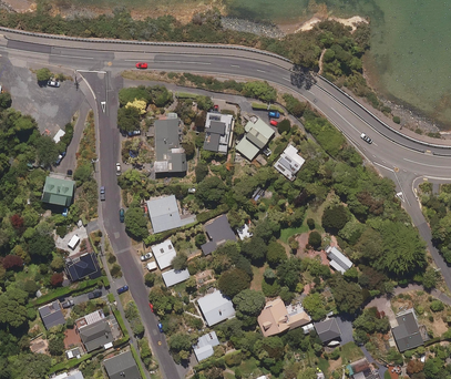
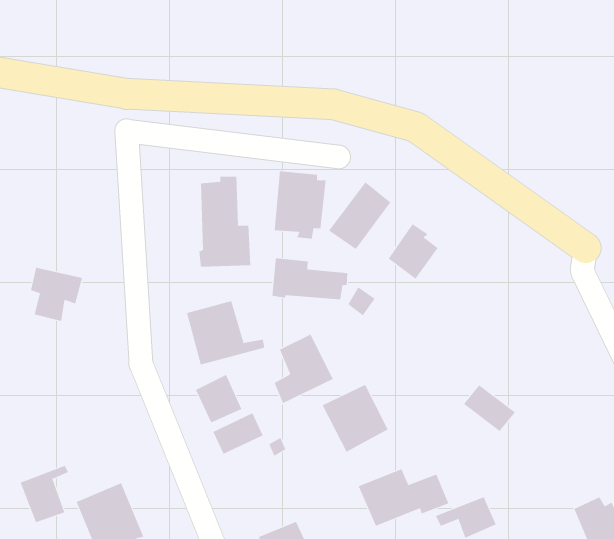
building: none -> [272,258,348,300]
building: [65,250,104,280] -> none
building: [194,285,236,328] -> [322,384,388,452]

